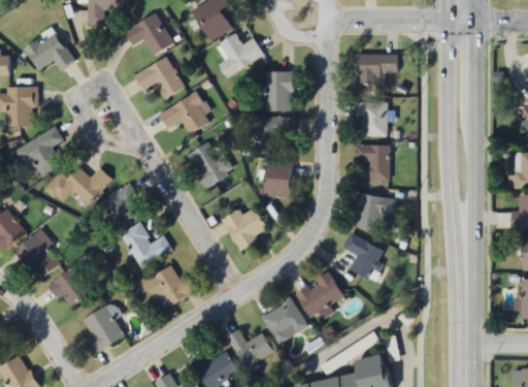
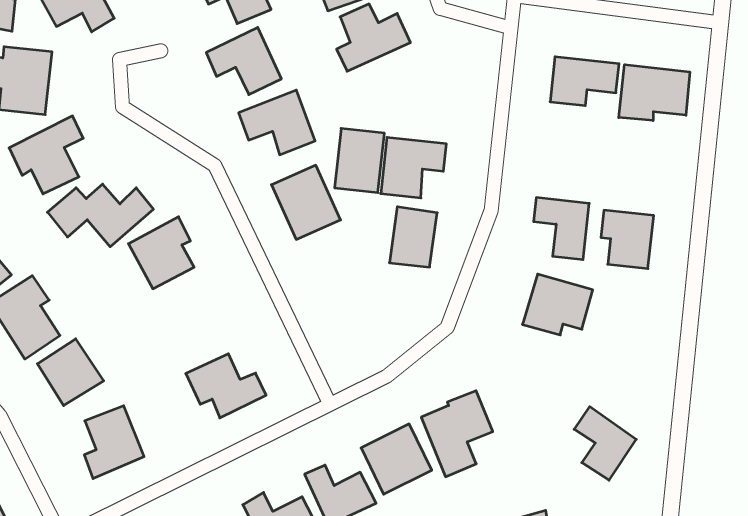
building: none -> [619,65,690,121]
building: [265,72,293,110] -> [335,128,384,193]
building: [355,102,387,136] -> [601,210,654,269]
building: [222,207,269,250] -> none
building: [120,223,172,269] -> none
building: [342,233,383,279] -> [574,407,636,480]

